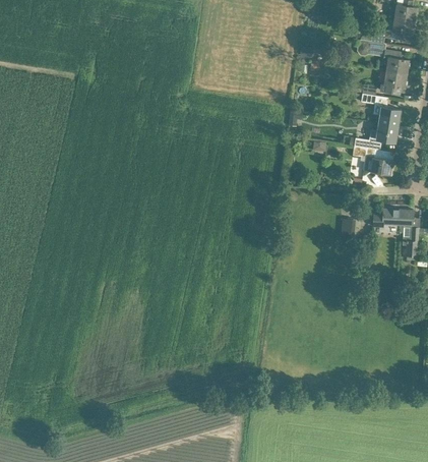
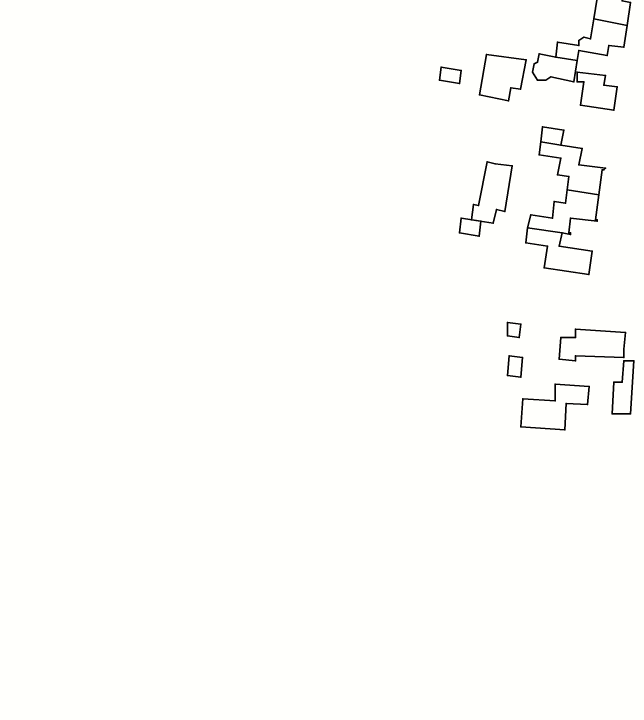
building: none -> [480,55,526,101]
building: [380,70,407,95] -> none
building: none -> [472,162,512,223]
building: none -> [521,384,589,430]

